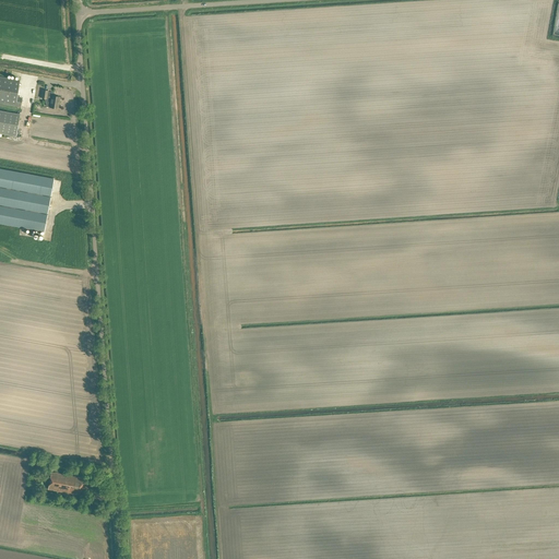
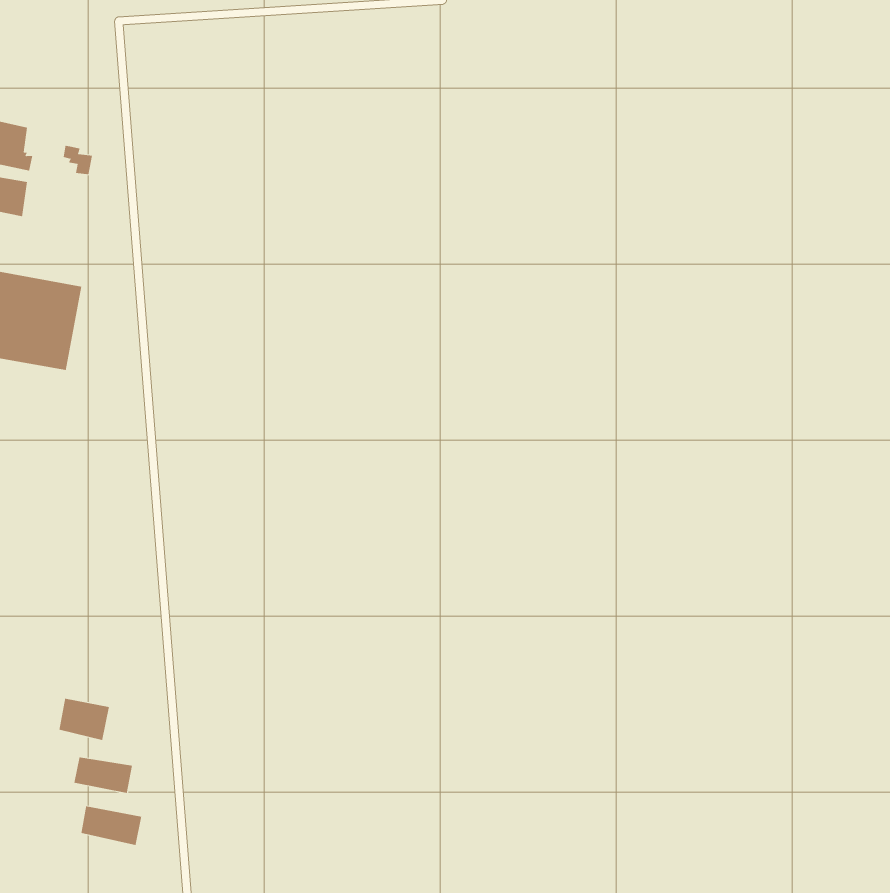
building: none -> [59,698,109,741]
building: none -> [81,805,142,846]

